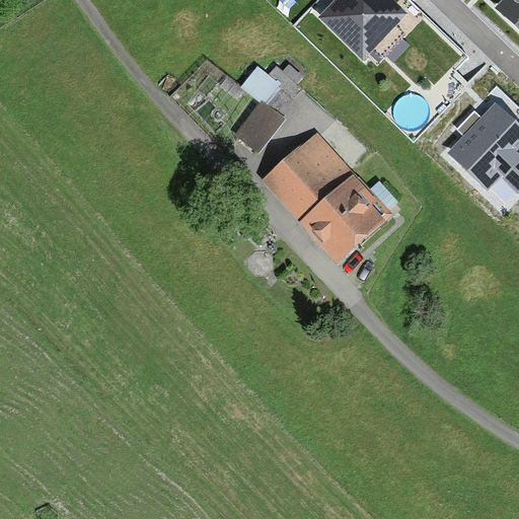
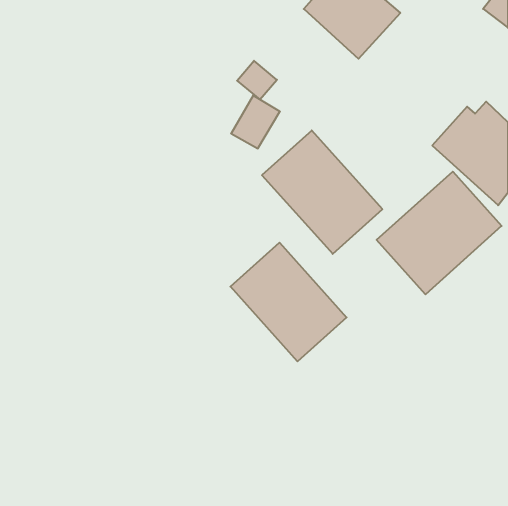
building: none -> [377,172,502,294]
building: none -> [230,243,347,361]

